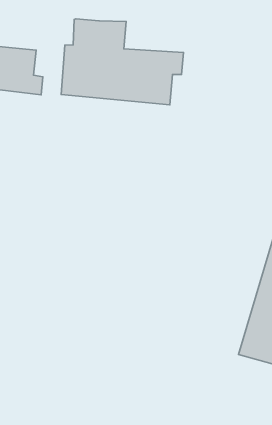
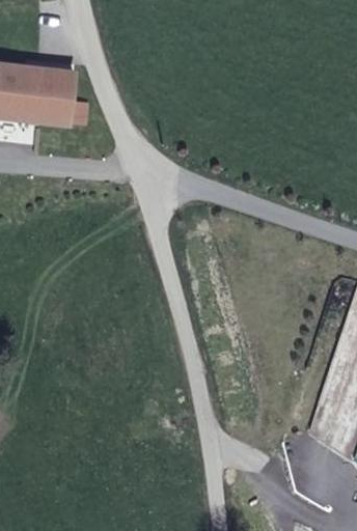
building: [61,19,184,105] -> none

